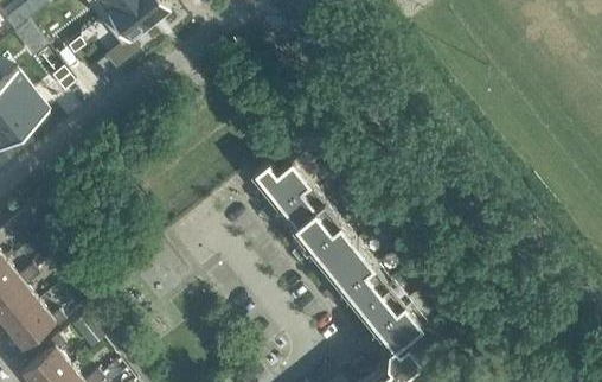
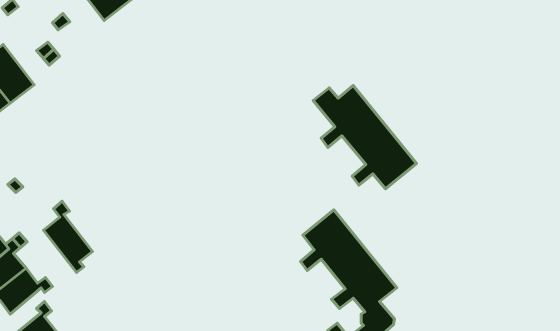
building: [250,163,357,269] -> [313,86,416,189]
building: none -> [44,201,93,272]

